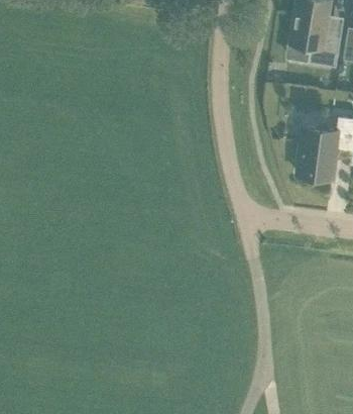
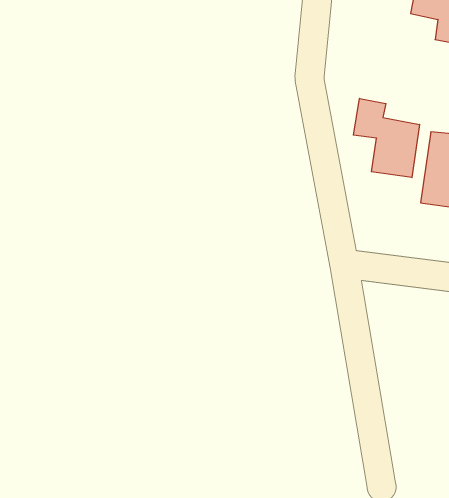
building: none -> [353,98,420,178]

